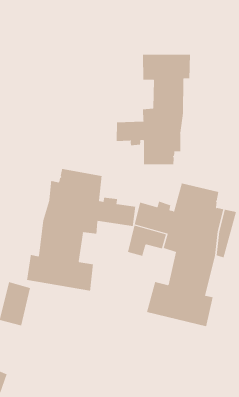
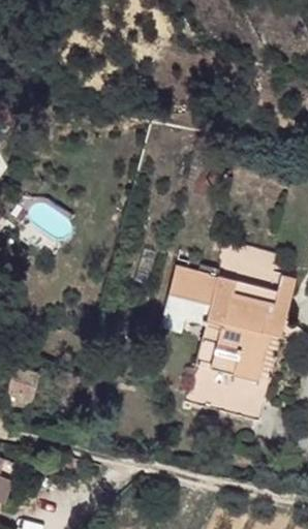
building: [116,54,191,165] -> none
building: [27,168,136,291] -> none

